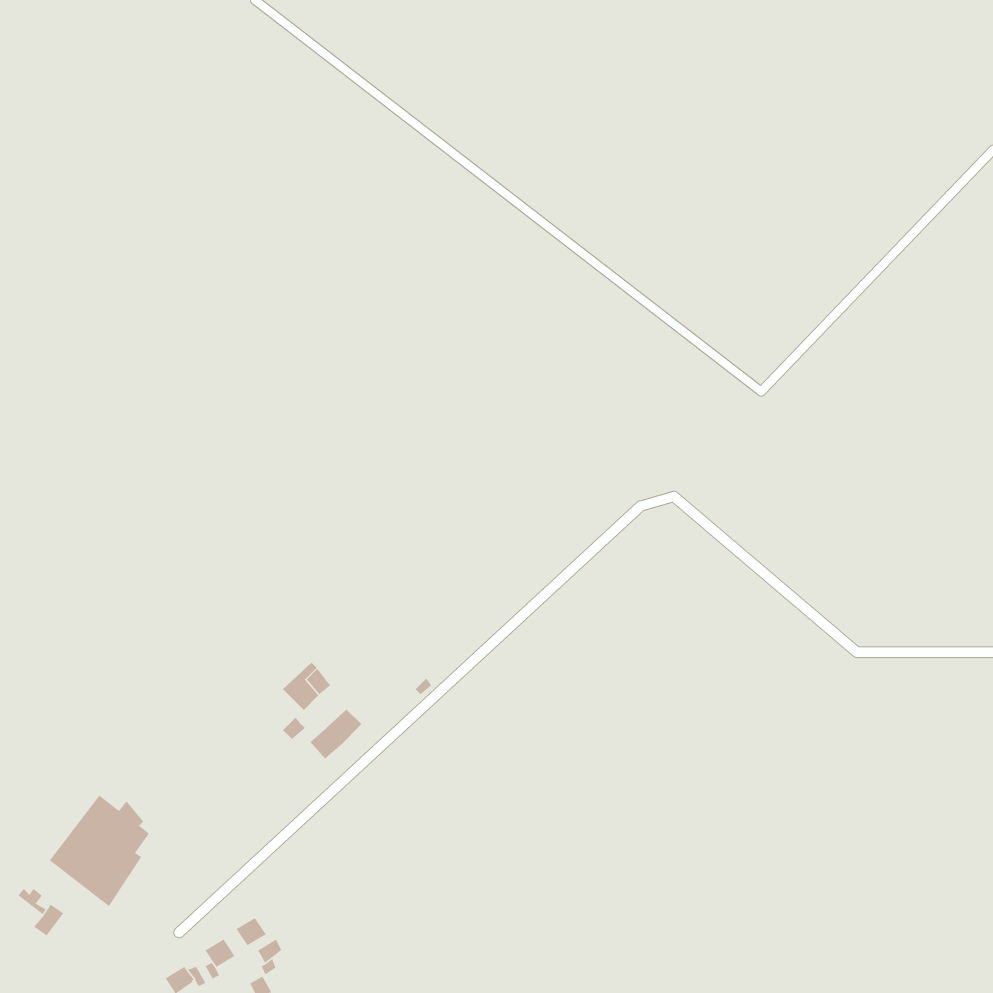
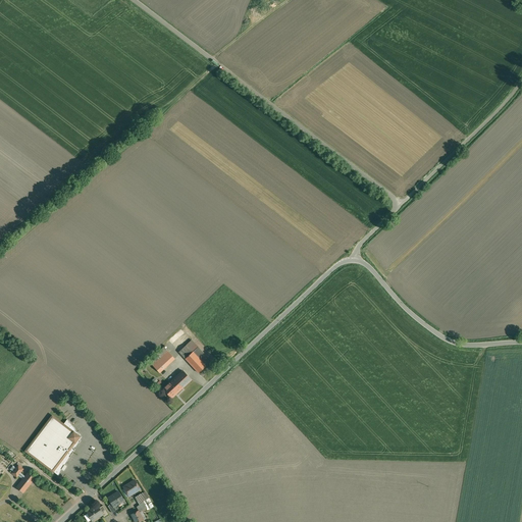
building: none -> [178,342,210,373]

